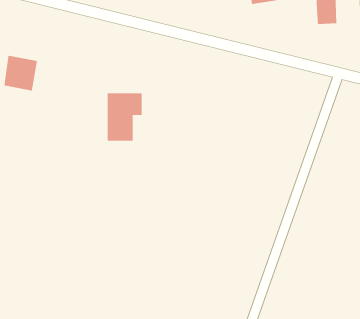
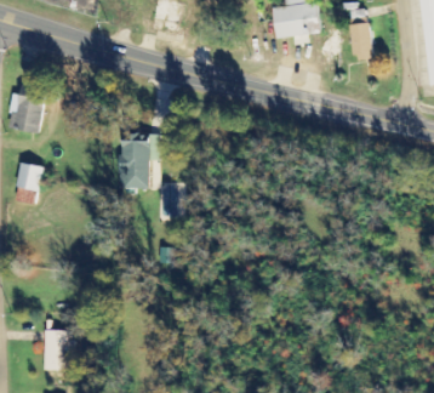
building: none -> [17,164,42,190]
building: none -> [44,330,74,371]

